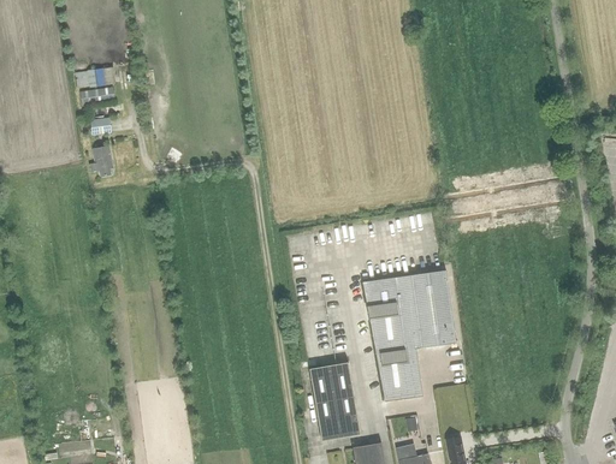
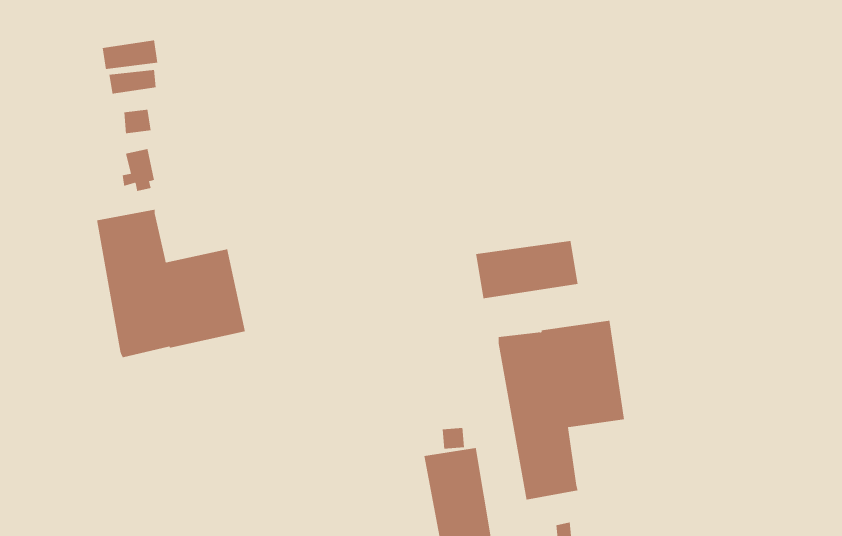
building: none -> [97,209,246,358]
building: none -> [476,240,578,299]

